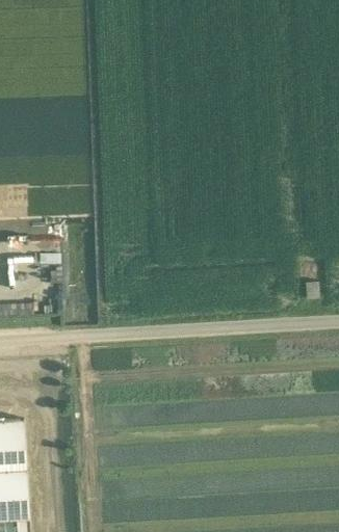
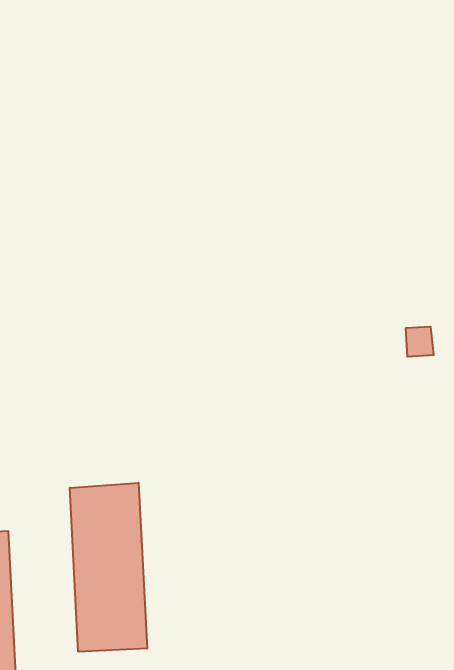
building: none -> [70,483,147,652]

